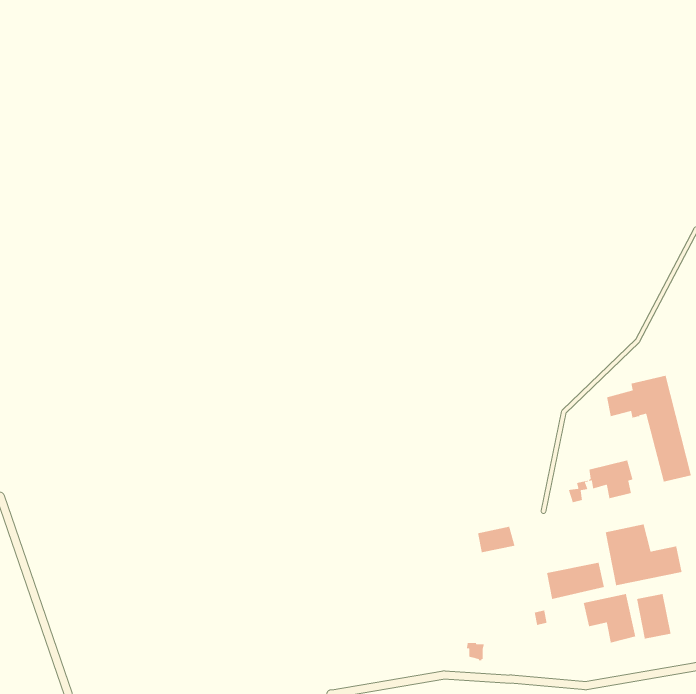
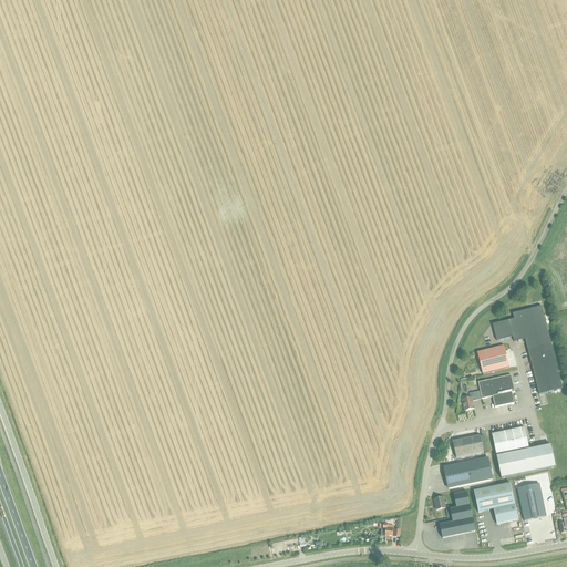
building: none -> [477,343,509,372]
building: [477,526,515,553] -> [453,434,484,456]
building: none -> [440,491,475,537]

